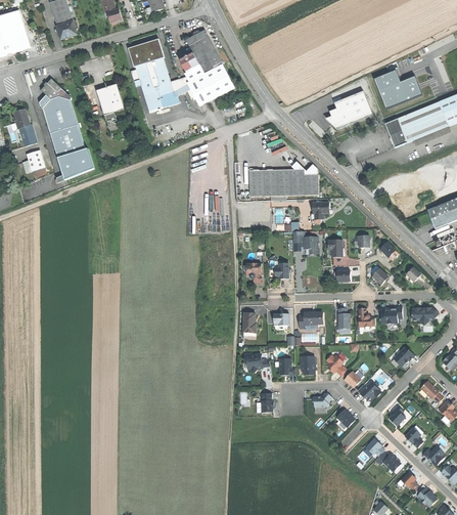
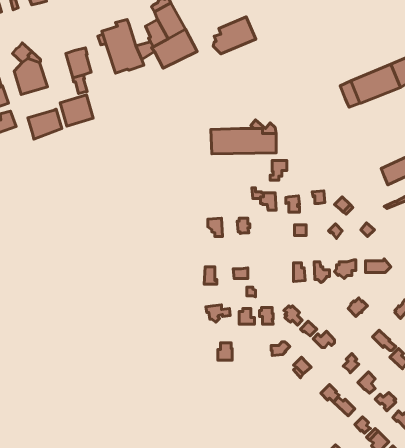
building: [128,39,165,68] -> none
building: [374,67,422,109] -> none
building: [328,90,373,129] -> [213,17,256,54]
building: [50,125,85,158] -> [60,95,93,126]
building: [298,311,323,330] -> none

